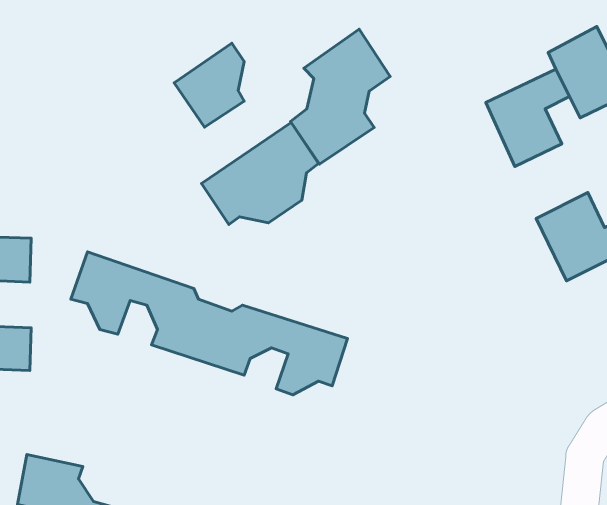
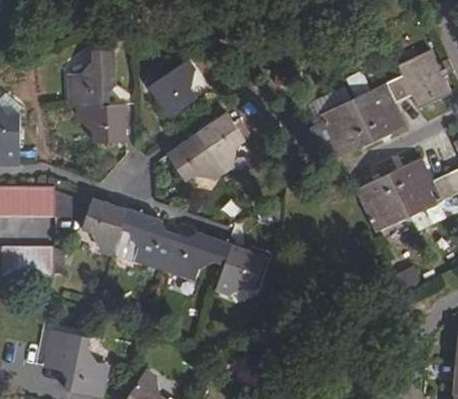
building: [291,29,390,164] -> none
building: none -> [70,51,124,140]
building: none -> [319,98,375,156]
building: none -> [355,175,409,232]

